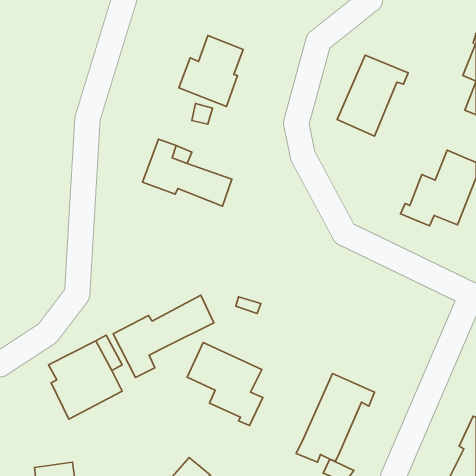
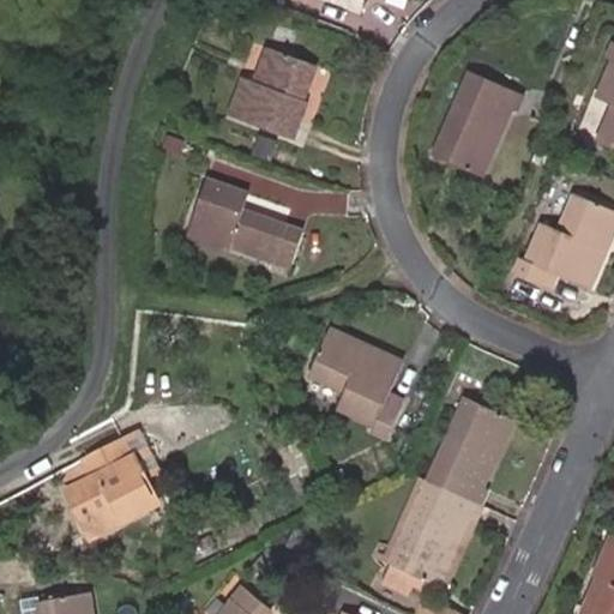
building: [113,295,214,378] -> none
building: none -> [428,398,511,505]
building: [187,343,263,426] -> [305,329,402,435]

